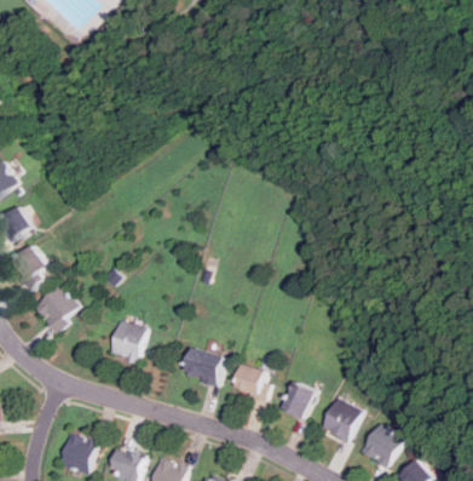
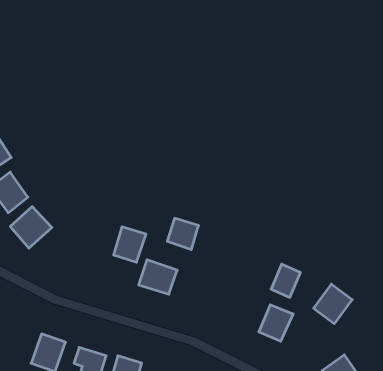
building: [108,320,145,361] -> [114,227,146,262]
building: [233,362,270,399] -> [167,218,199,250]
building: [282,379,316,418] -> [271,264,300,297]
building: [359,422,404,468] -> [314,284,352,324]

